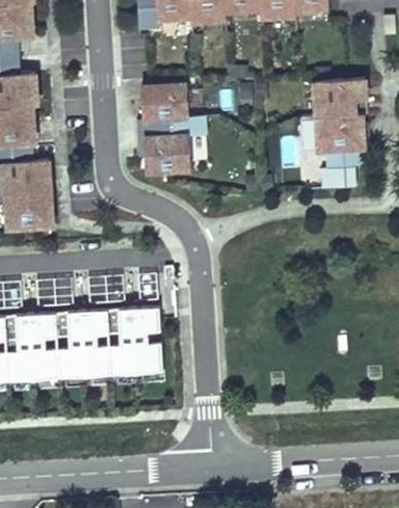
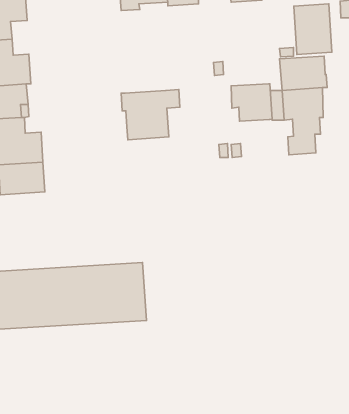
building: none -> [294,4,332,54]
building: [140,82,188,117] -> none
building: none -> [231,84,272,121]

